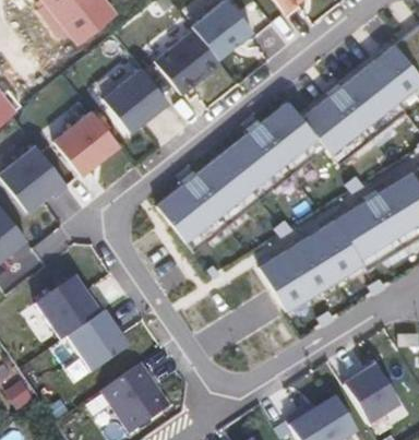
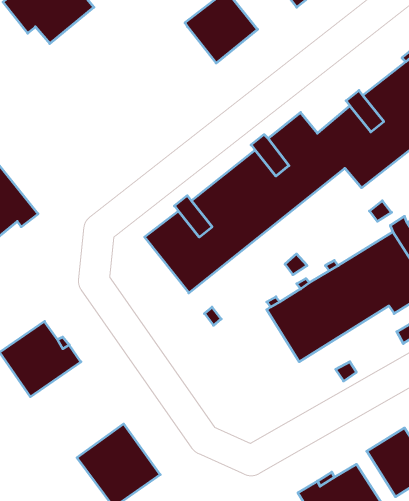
building: [154,28,220,94] -> none
building: [103,68,168,132] -> none
building: [52,110,118,176] -> none
building: [65,310,129,372] -> none

